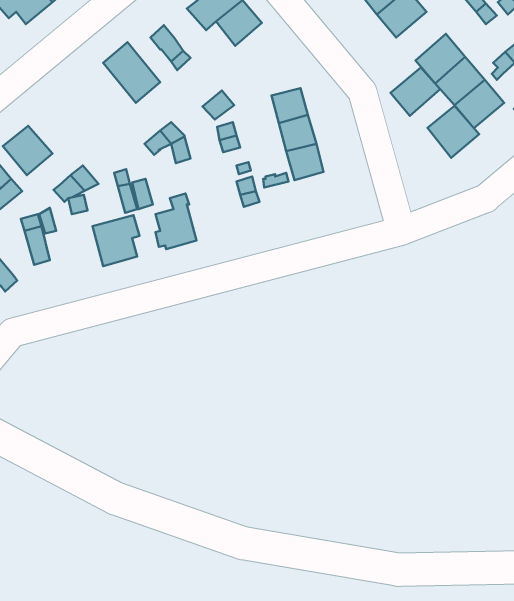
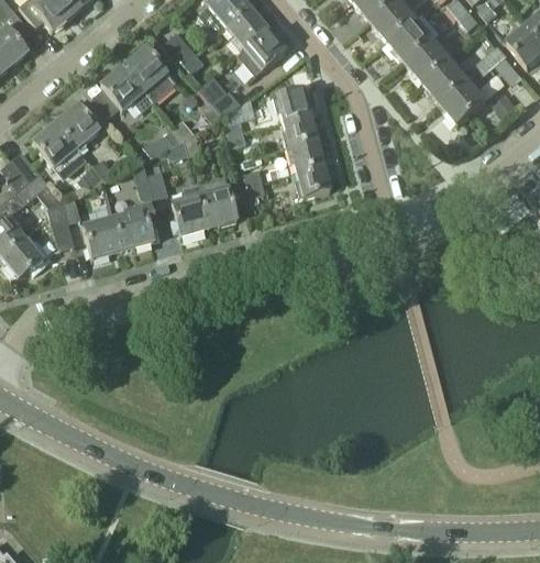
building: none -> [242,29,284,70]
building: none -> [99,65,152,111]
building: [391,67,440,116] -> [388,19,433,63]
building: none -> [54,99,103,147]
building: [427,106,479,158] -> none
building: none -> [296,164,329,197]
building: none -> [197,176,235,227]
building: none -> [84,217,122,258]

